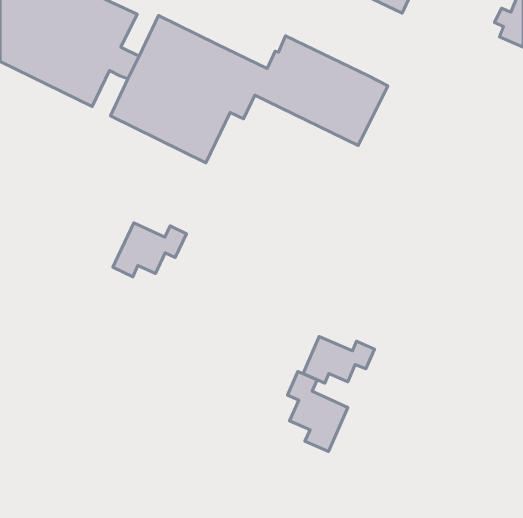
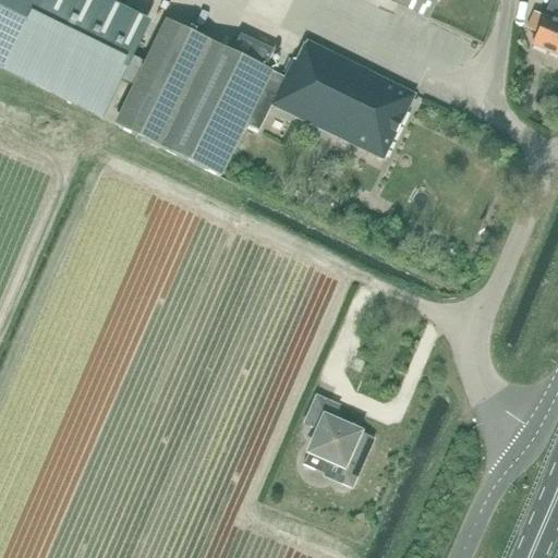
building: [113,223,186,277] -> none
building: [303,337,374,383] -> none

